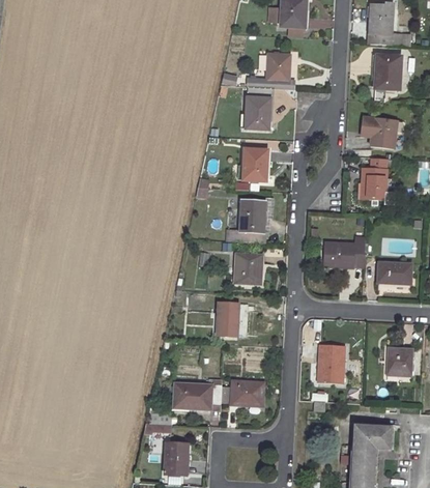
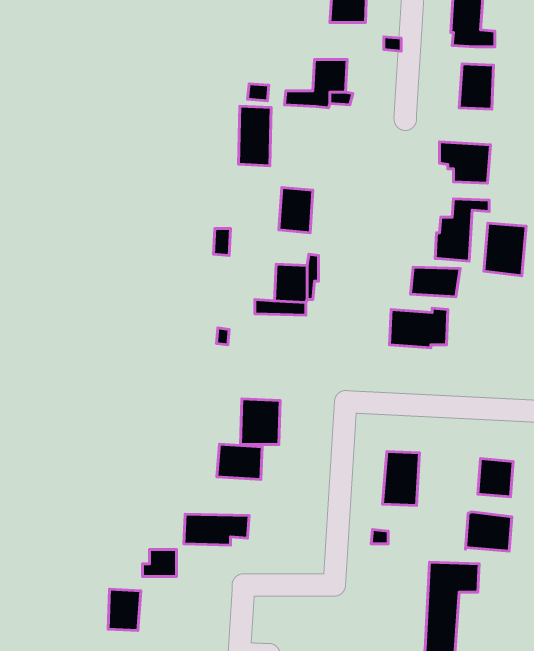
building: [246,88,269,132] -> [239,106,271,166]
building: none -> [484,223,526,276]
building: [233,252,261,283] -> none
building: [377,262,413,284] -> [410,267,460,297]
building: [229,380,262,406] -> [217,444,262,480]
building: none -> [465,512,512,551]
building: [162,443,185,473] -> [108,589,141,630]

